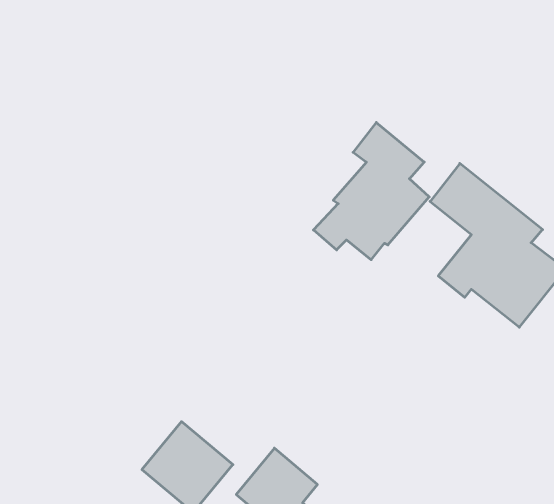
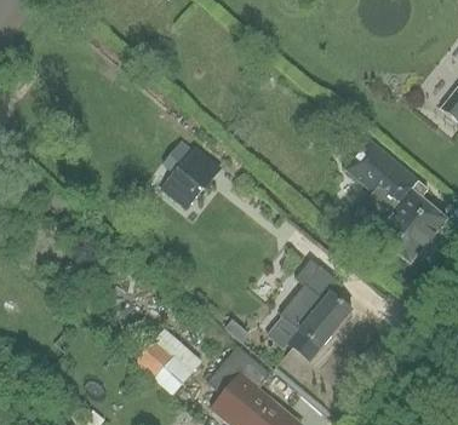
building: [313,122,429,260] -> [265,255,350,356]
building: none -> [160,145,219,208]

